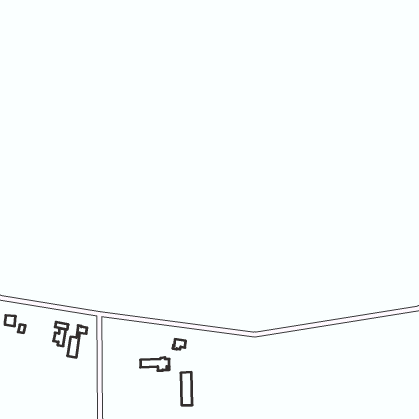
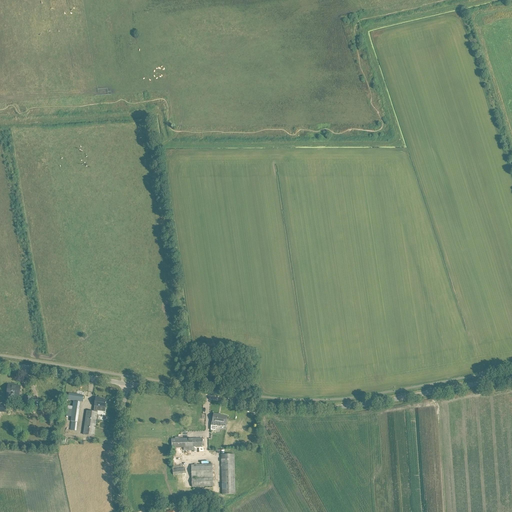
building: none -> [190,463,212,486]

